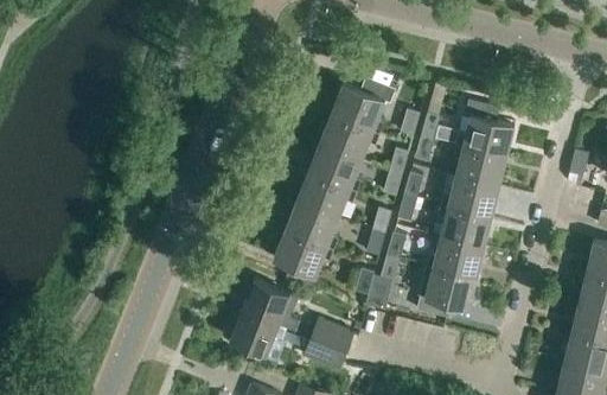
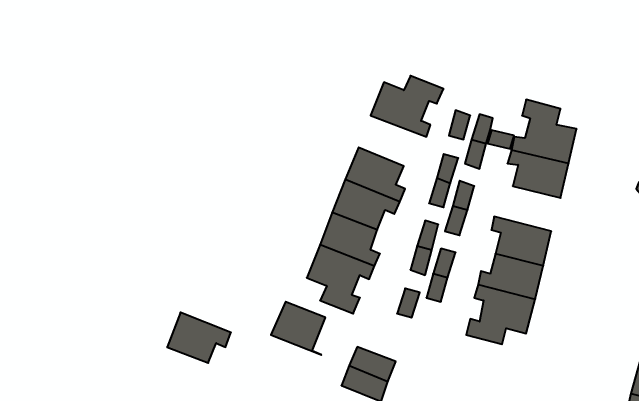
building: [320,115,381,160] -> none
building: [441,178,500,218] -> none
building: [230,311,287,356] -> [167,312,231,363]

